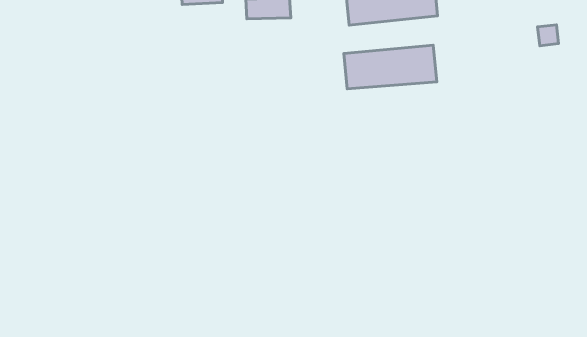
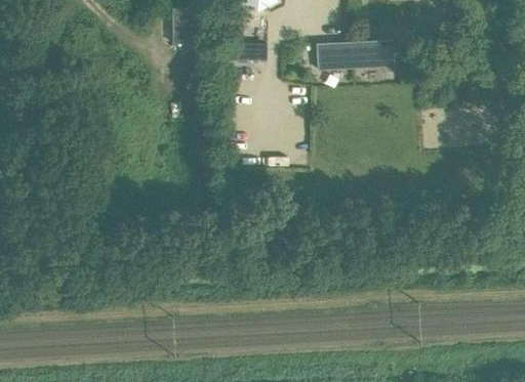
building: [344,45,437,89] -> none

